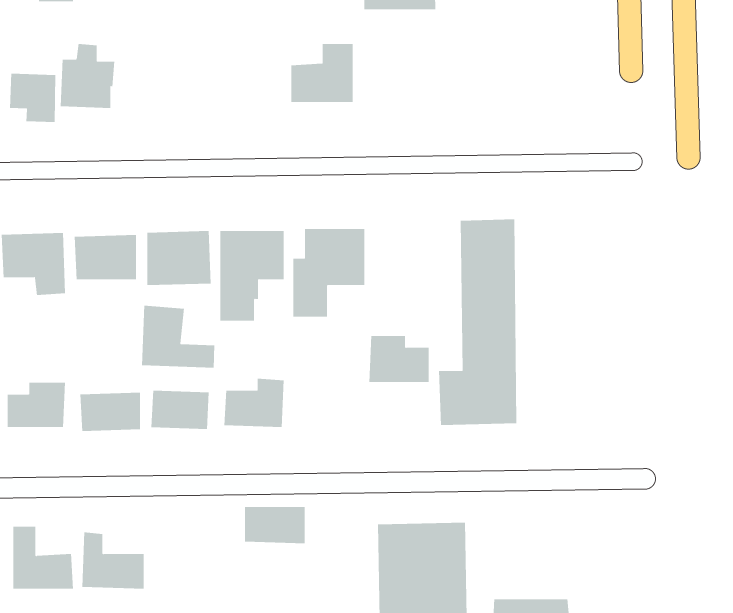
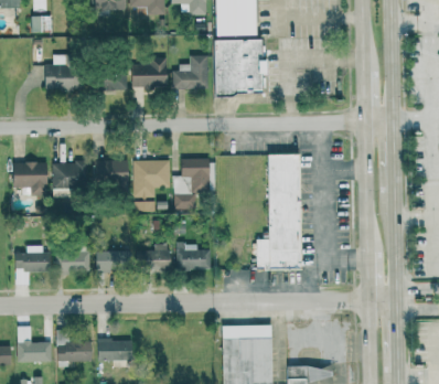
building: none -> [214,39,265,95]
building: none -> [132,57,169,87]
building: none -> [98,68,128,90]
building: [9,73,56,123] -> none
building: [142,305,215,368] -> none
building: [368,335,430,383] -> [178,243,212,269]
building: [244,506,305,544] -> [98,339,132,360]

